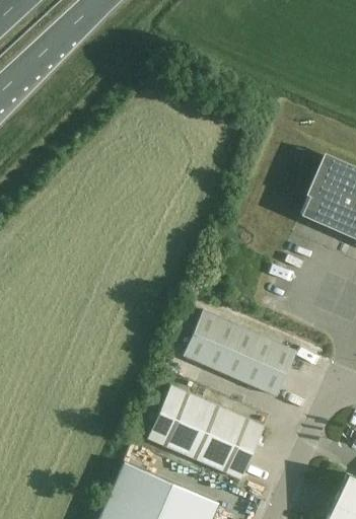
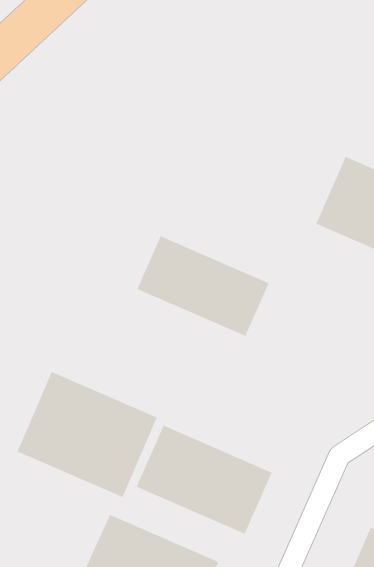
building: [184,310,297,396] -> [136,235,270,337]
building: none -> [17,371,158,498]

